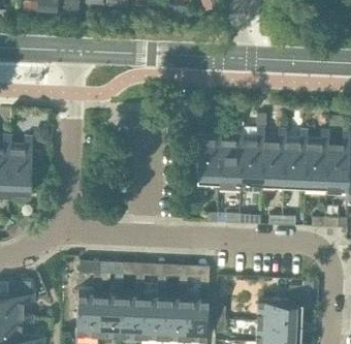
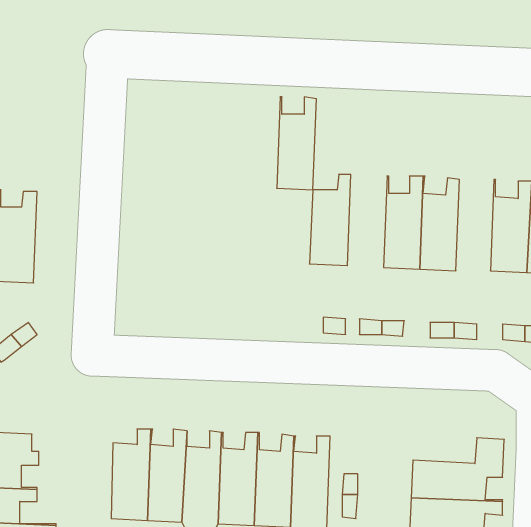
building: [219,129,243,185] -> [277,97,316,190]
building: [284,132,307,187] -> none

